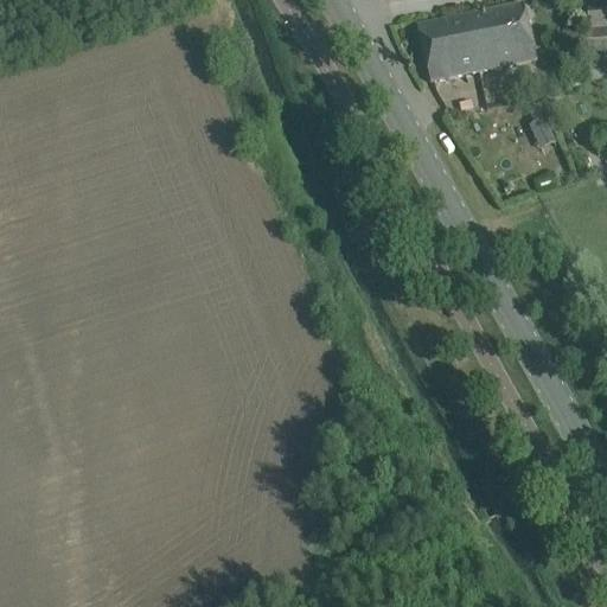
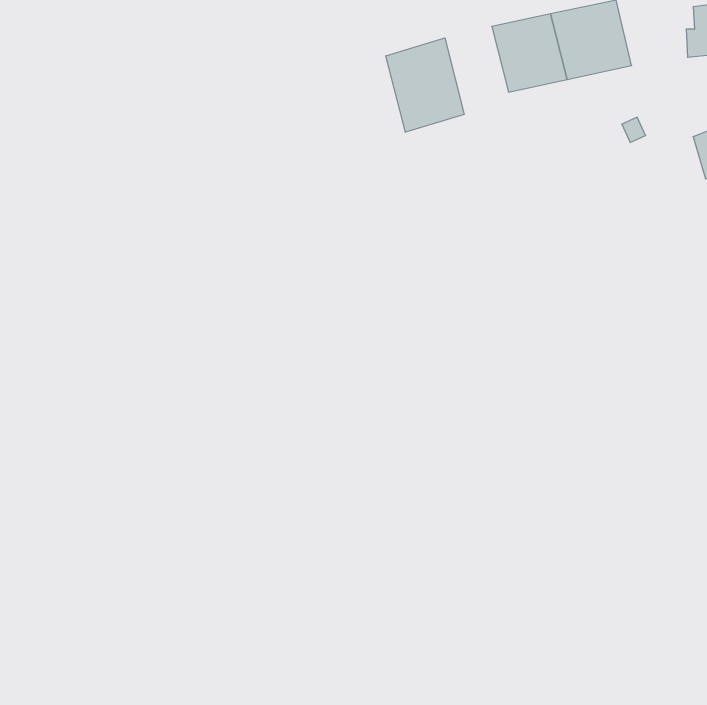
building: none -> [386,38,464,132]

